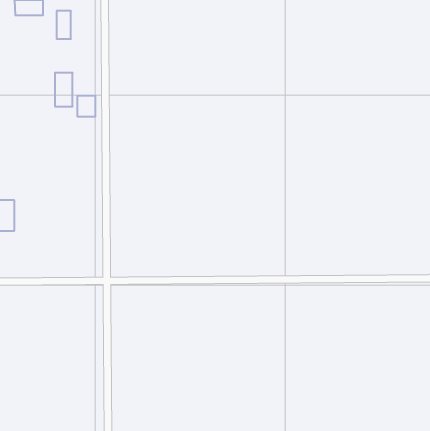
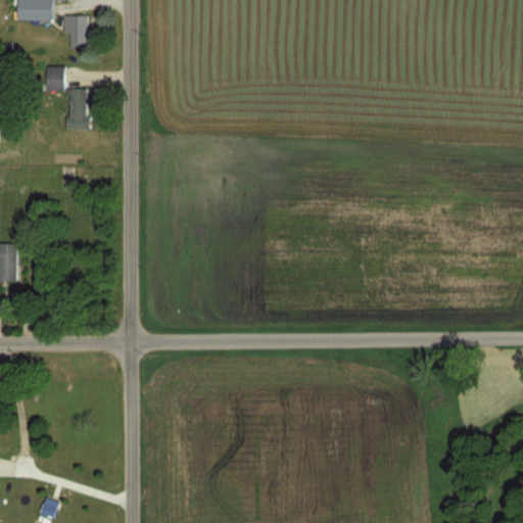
building: none -> [46,66,63,91]
building: [78,96,95,117] -> none

